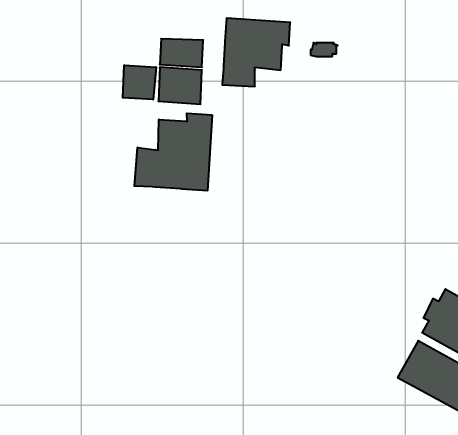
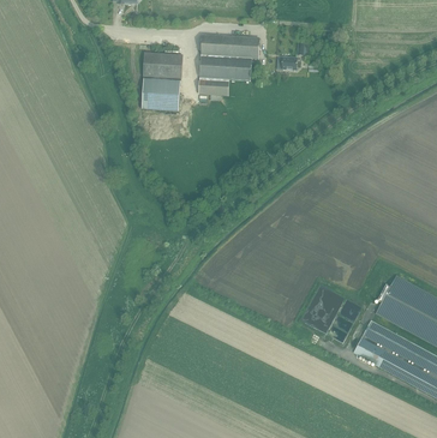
building: [123,65,156,100] -> none
building: [134,113,212,191] -> none

